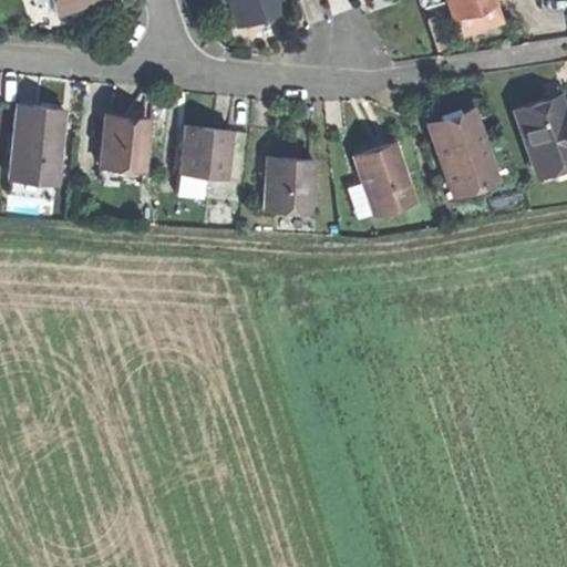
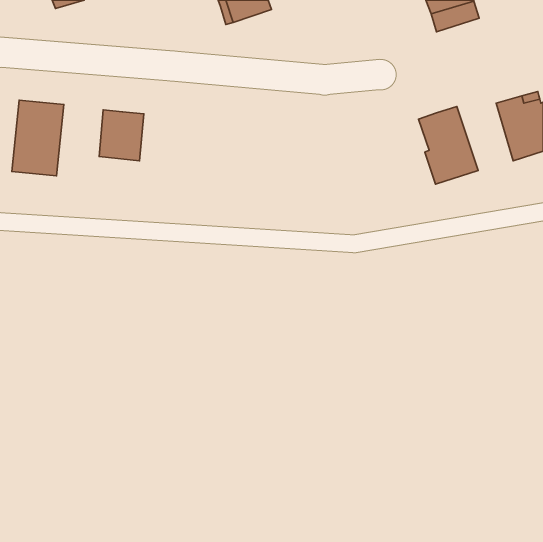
building: [182,127,233,178] -> none
building: [354,142,414,212] -> none
building: [267,158,319,214] -> none

